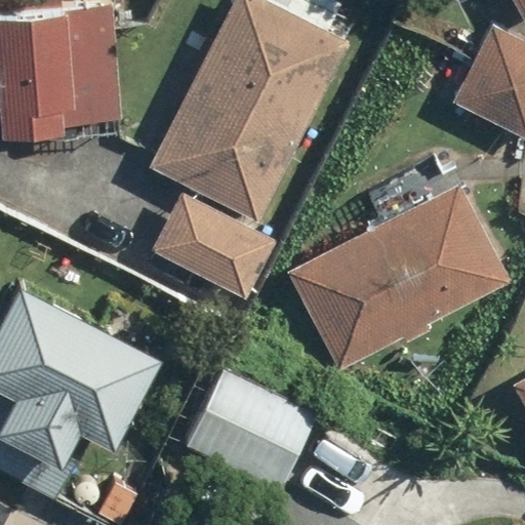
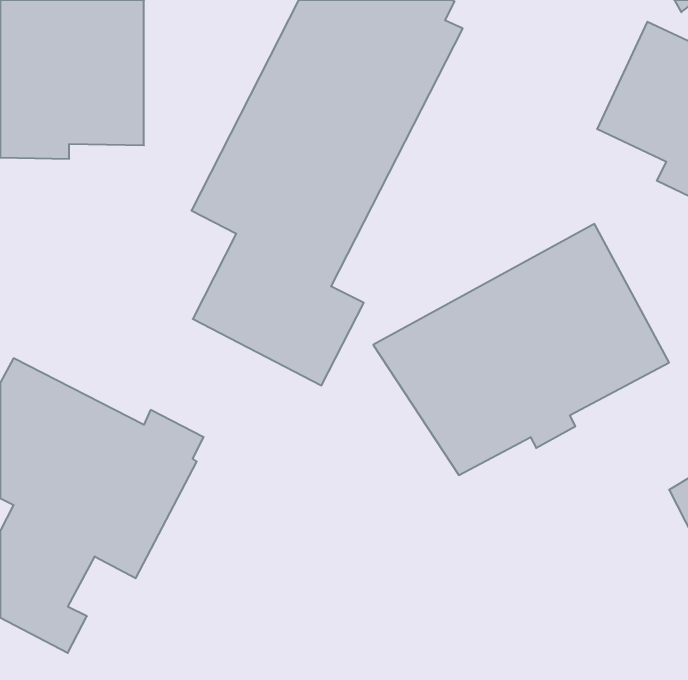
building: [184,369,319,494] -> none

